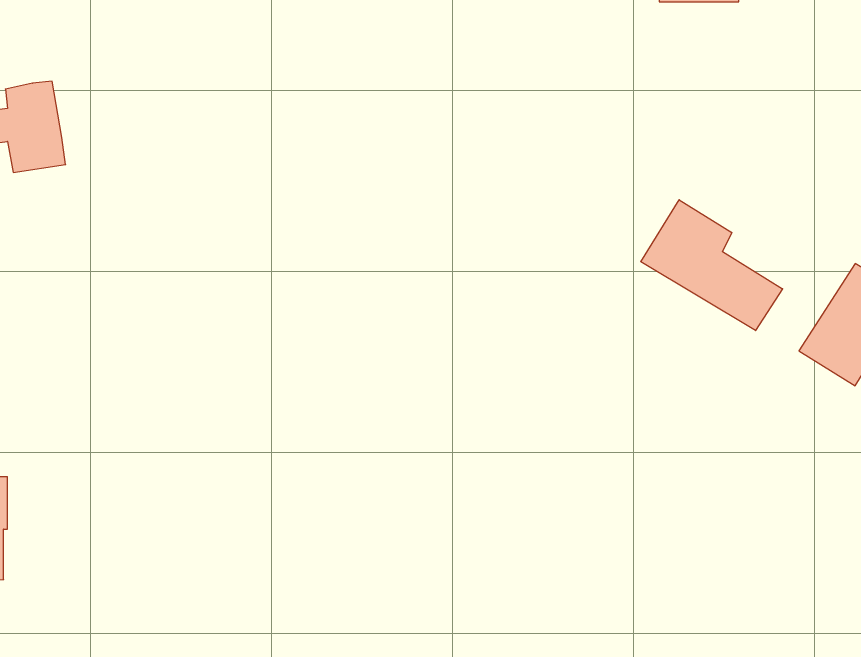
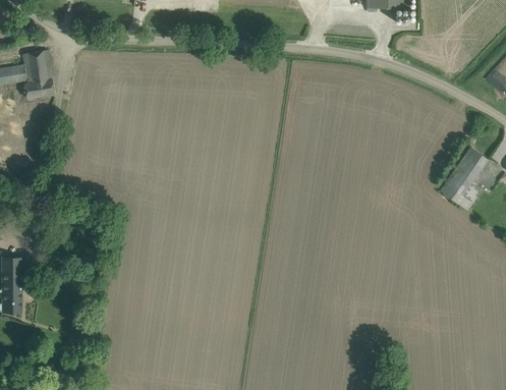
building: [641,200,783,331] -> none

